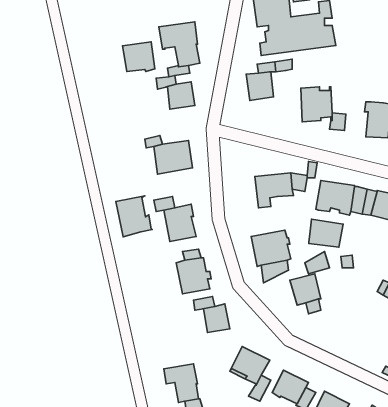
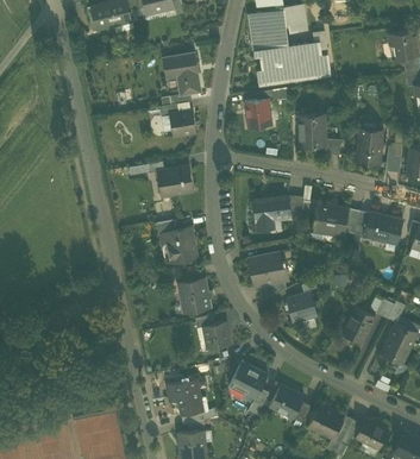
building: [123,42,155,72] -> none
building: [116,196,152,237] -> none
building: [309,219,343,247] -> none
building: none -> [341,307,374,342]

